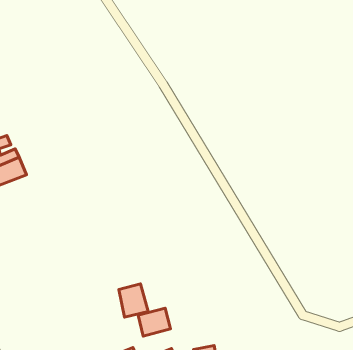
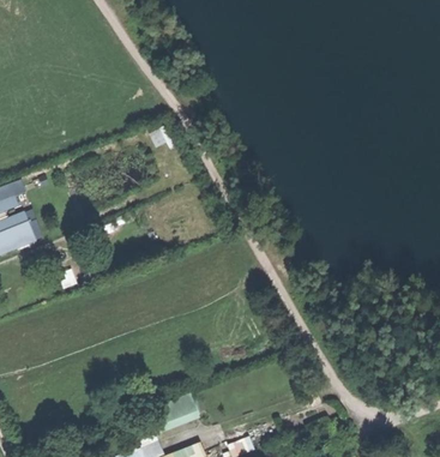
building: [119,284,148,317] -> none

